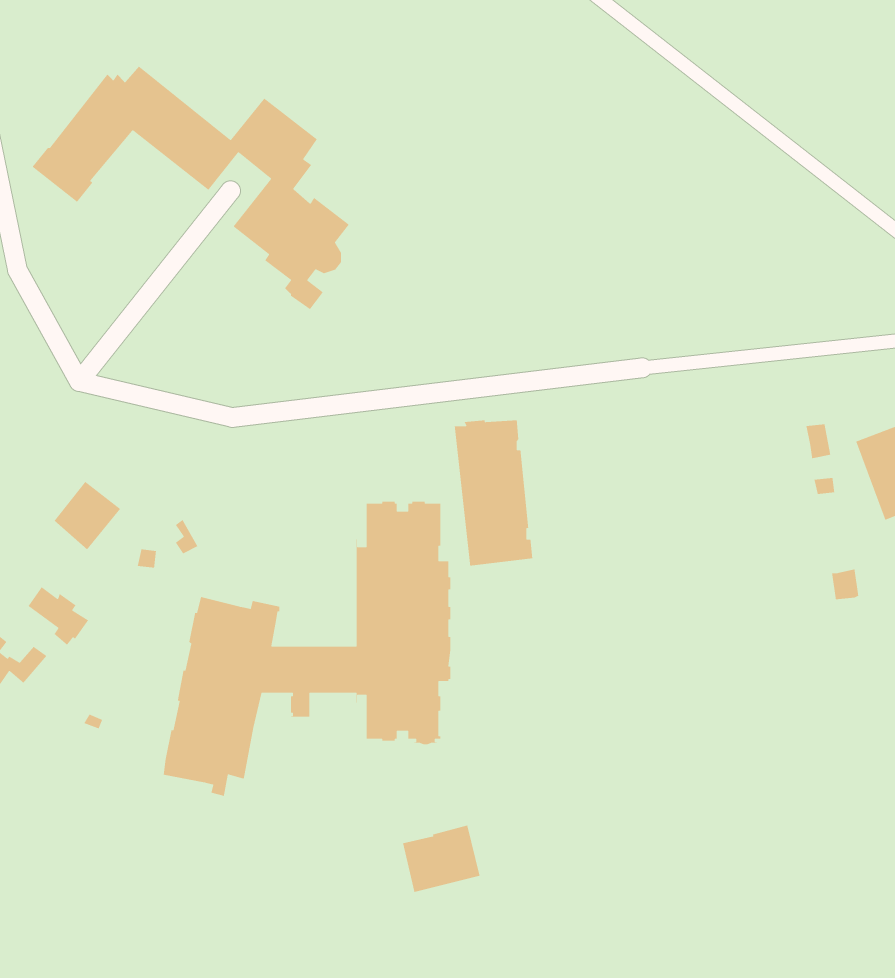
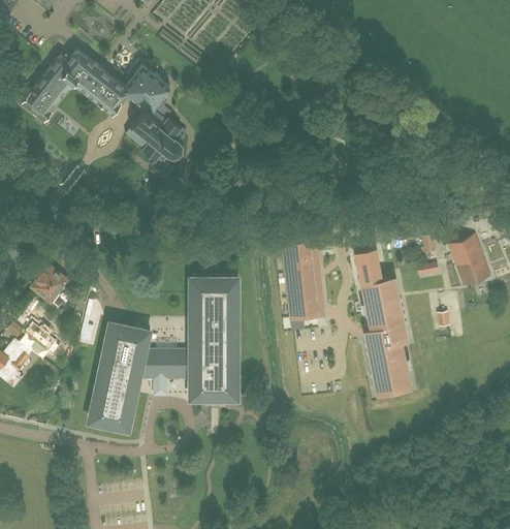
building: [454,420,533,567] -> [283,243,324,319]
building: none -> [356,248,411,395]
building: [402,824,481,893] -> none

